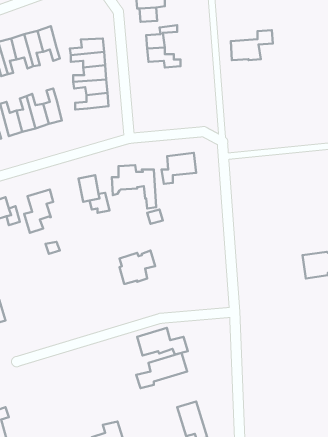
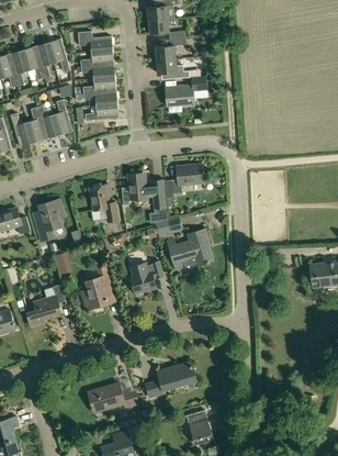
building: none -> [78,32,113,52]
building: [231,30,273,60] -> [166,77,207,107]
building: none -> [168,229,214,269]
building: none -> [82,267,112,309]
building: none -> [27,285,66,325]
building: [137,328,188,356] -> [89,382,139,410]

